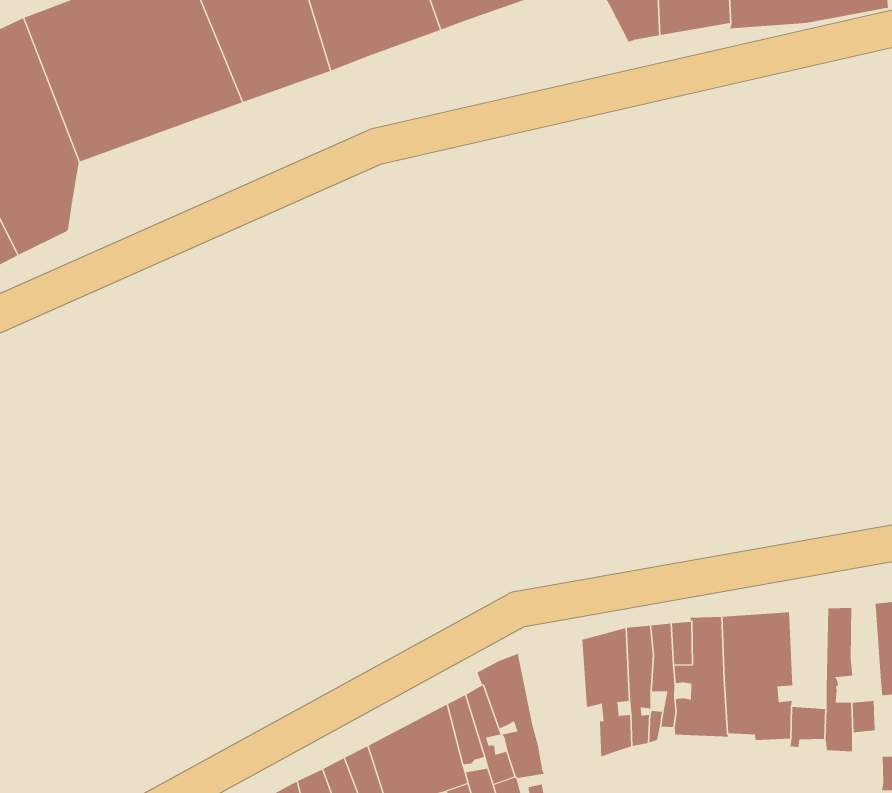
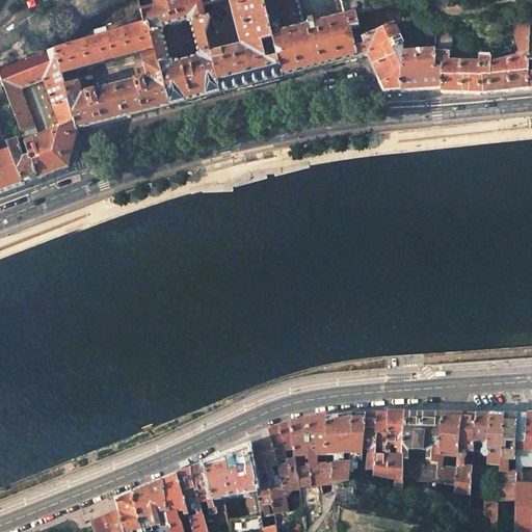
building: none -> [473,413,488,454]
building: none -> [440,411,462,455]
building: none -> [291,413,331,485]

